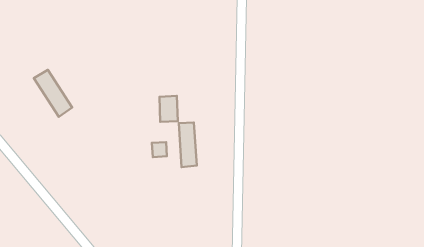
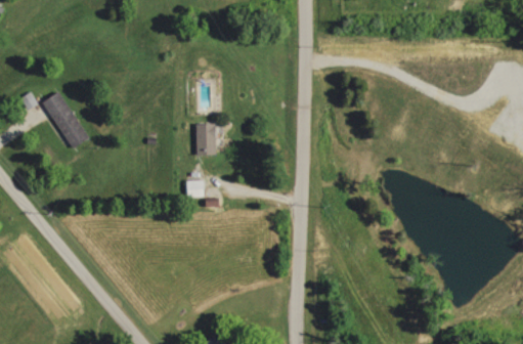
building: [179,123,197,167] -> none

